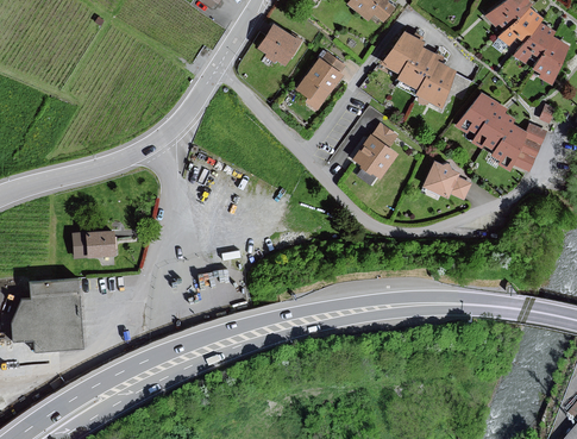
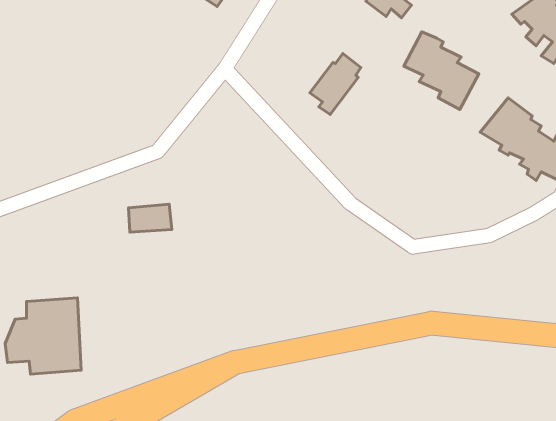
building: [258,24,297,62] -> none
building: [352,124,396,178] -> none
building: [424,162,469,199] -> none
building: [74,231,114,257] -> [129,204,172,232]

